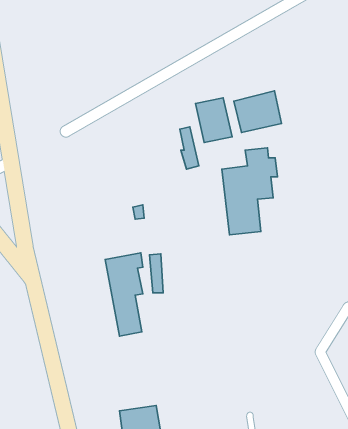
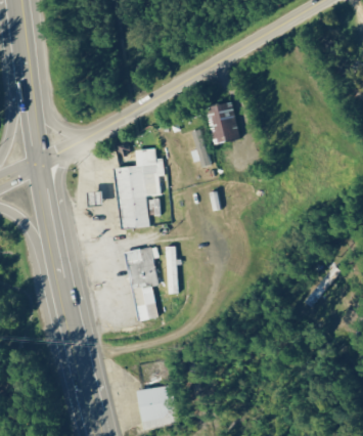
building: [234,91,281,133] -> none
building: [222,148,277,235] -> [114,149,165,229]

